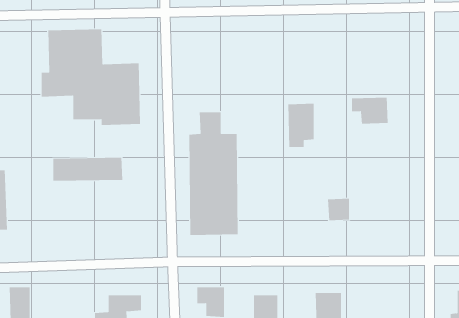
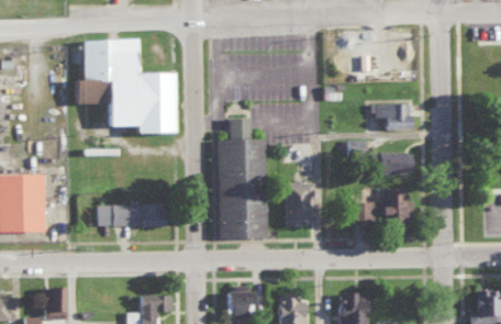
building: [287,103,315,147] -> [286,183,312,226]
building: none -> [378,153,413,175]
building: [53,157,123,181] -> [98,204,166,227]
building: none -> [383,189,414,223]

